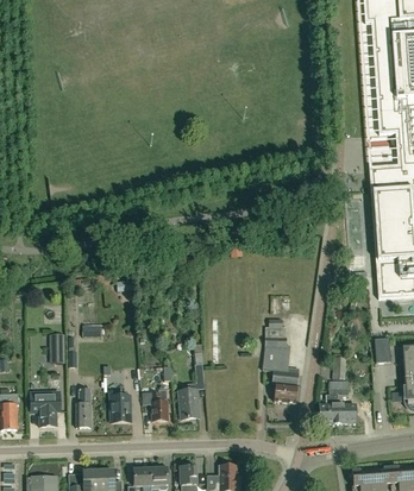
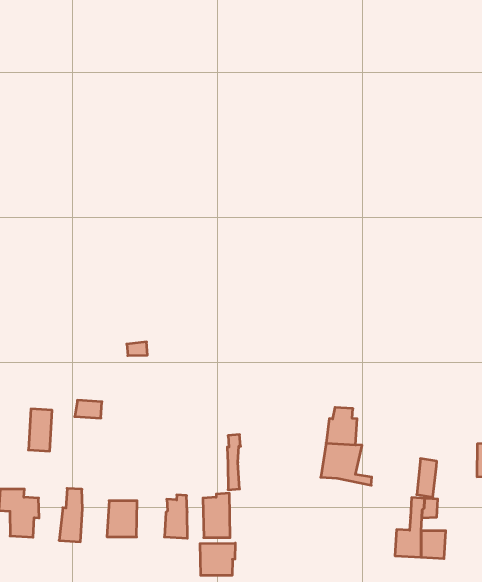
building: [272,371,300,404] -> none
building: none -> [200,543,235,575]

